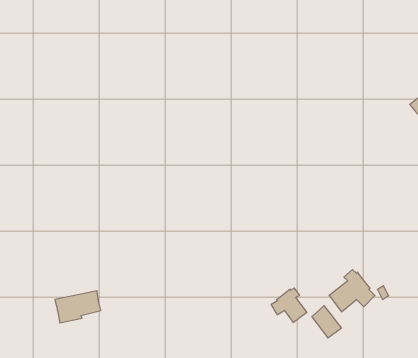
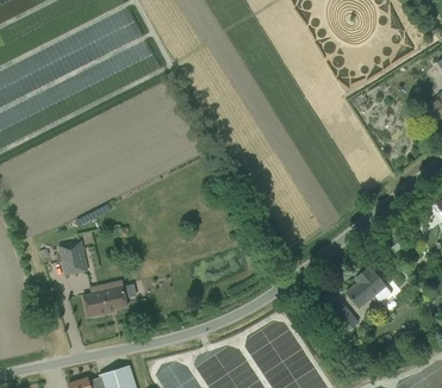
building: none -> [58,239,87,274]
building: [271,288,307,323] -> none

